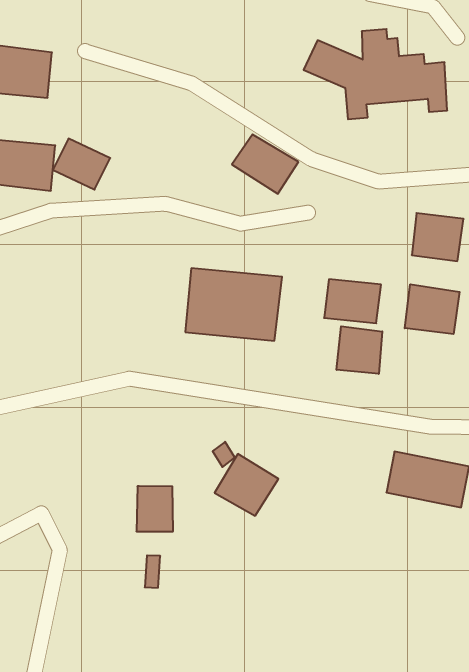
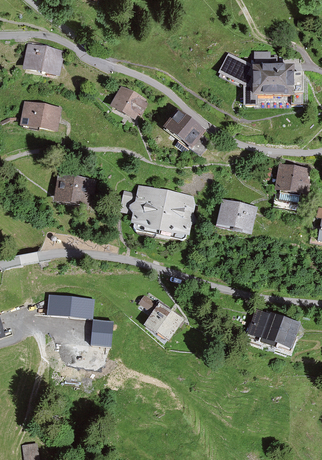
building: [53,139,110,190] -> [113,85,148,117]
building: none -> [55,172,91,205]
building: [405,284,460,334] -> none
building: [337,326,382,374] -> none
building: none -> [49,292,98,316]

